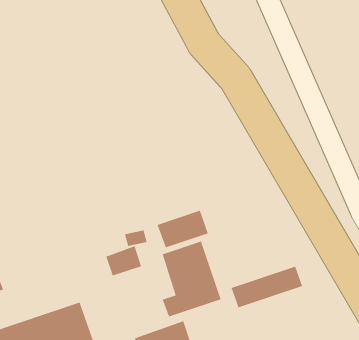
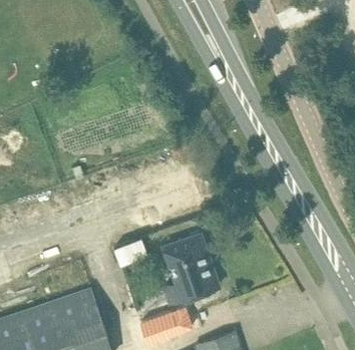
building: [157,210,209,248] -> none
building: [231,266,303,308] -> none

